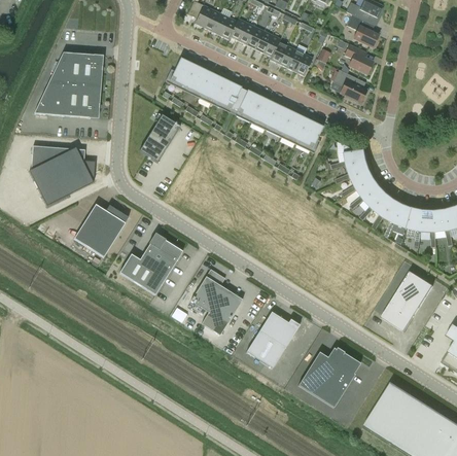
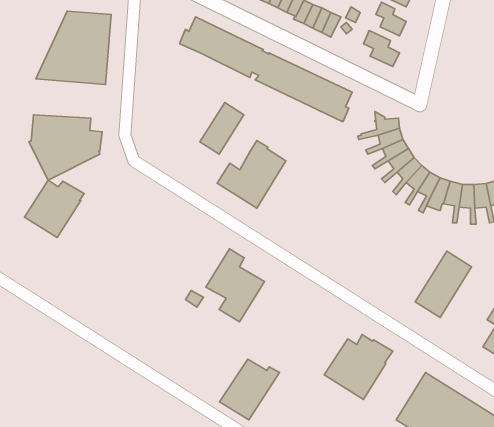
building: [139,114,179,162] -> [200,102,244,154]
building: [74,204,129,256] -> [24,180,84,238]
building: [119,233,182,294] -> [217,141,286,208]
building: [245,312,300,367] -> [220,359,279,420]

